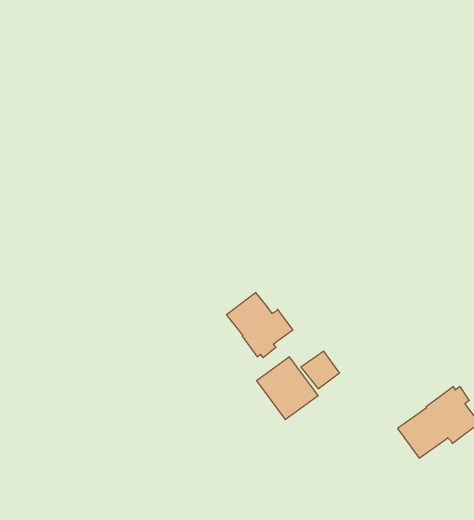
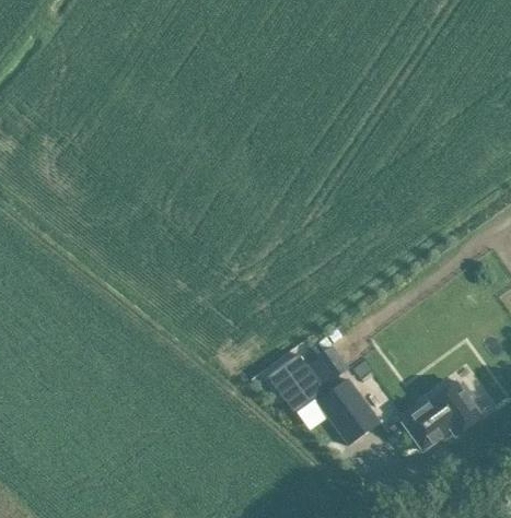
building: [227,293,293,358] -> none
building: none -> [317,376,382,443]

